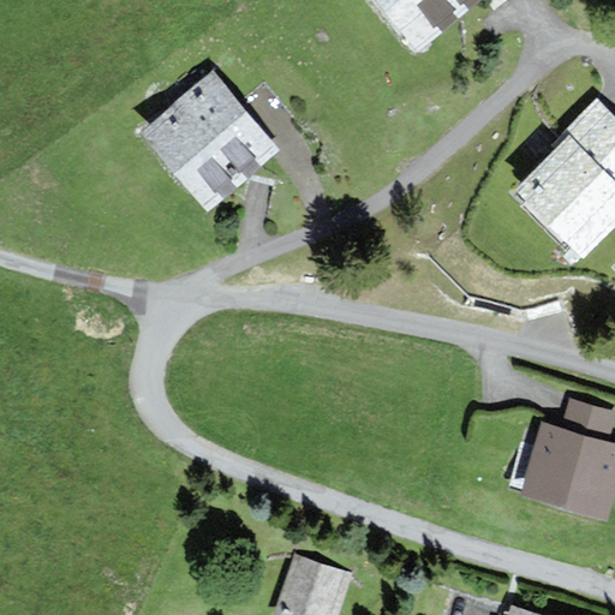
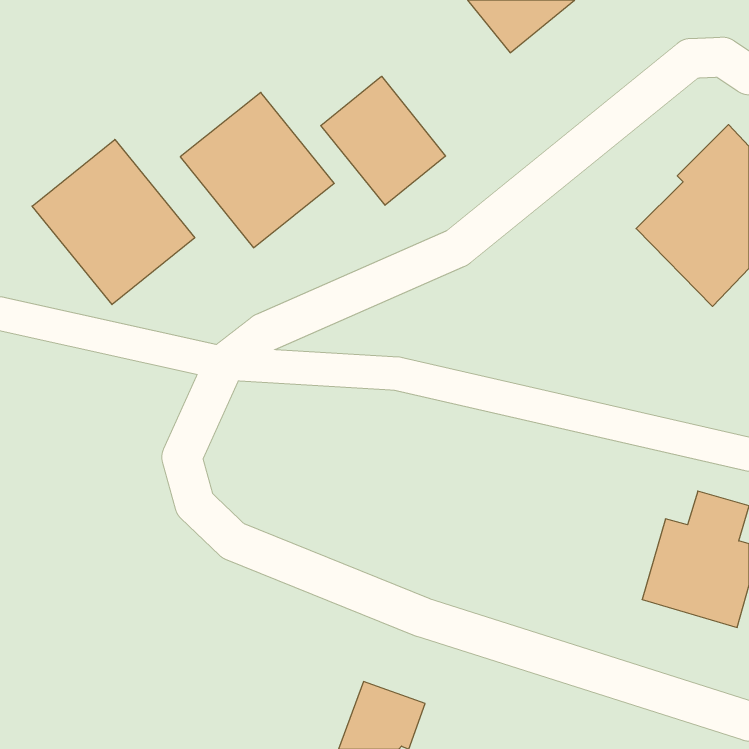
building: none -> [321,76,446,205]
building: none -> [32,139,195,305]

